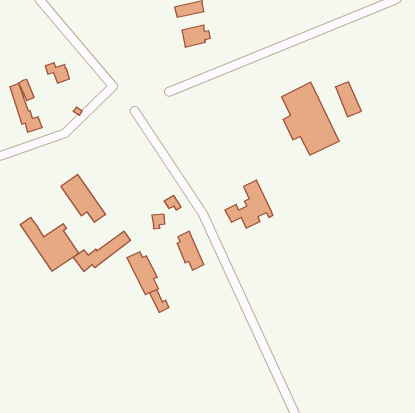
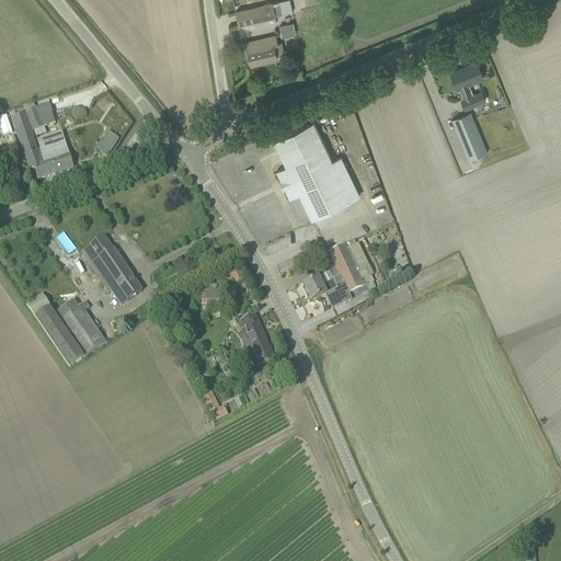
building: none -> [450,60,485,107]
building: [45,63,70,83] -> [41,145,73,172]
building: [282,82,339,155] -> [274,119,352,218]
building: [73,231,130,272] -> none
building: [127,252,158,295] -> none

